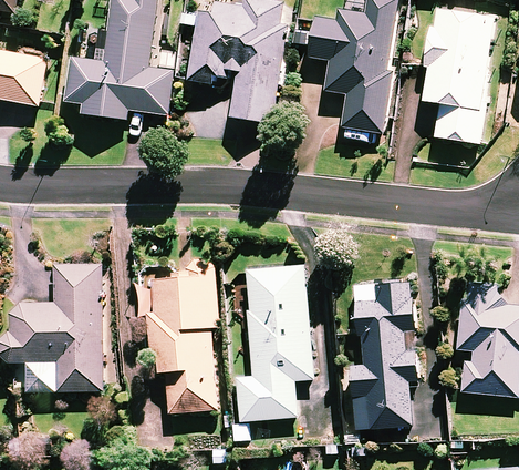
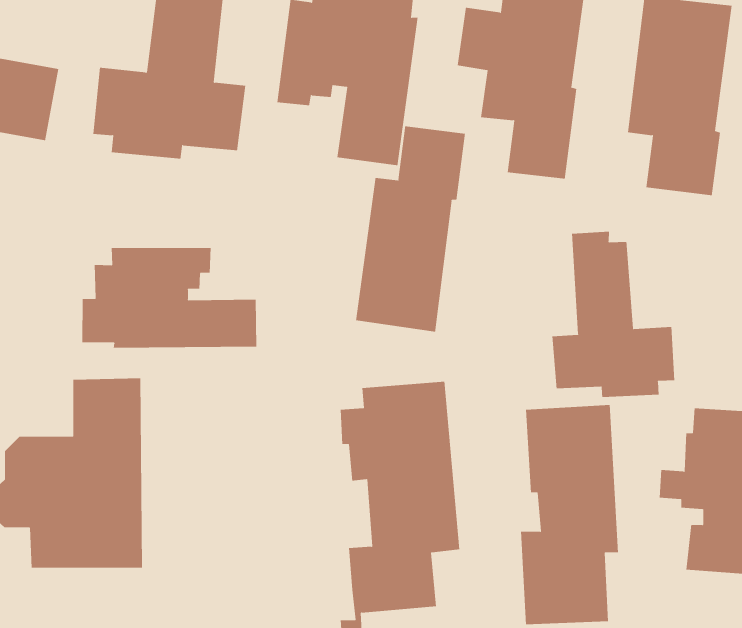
building: none -> [356,125,465,333]
building: none -> [552,231,675,398]
building: none -> [82,247,257,348]
building: [148,270,218,412] -> none

